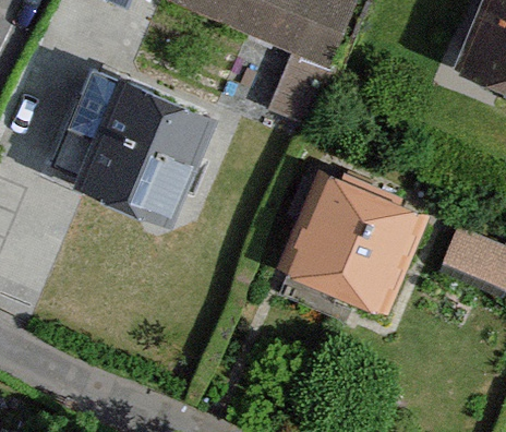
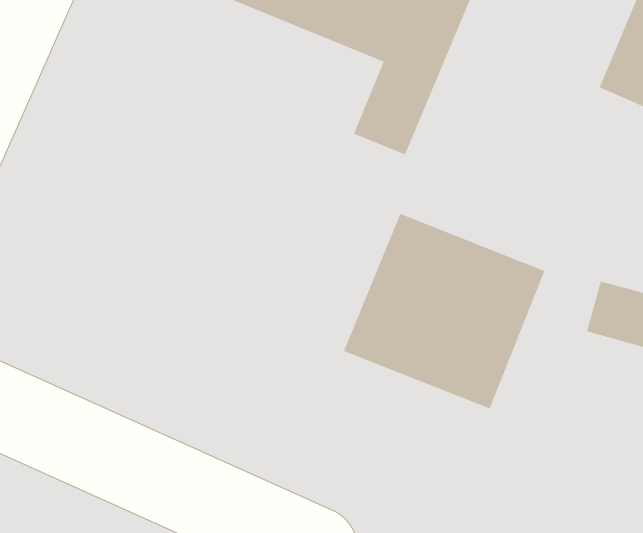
building: [50,64,201,220] -> none

